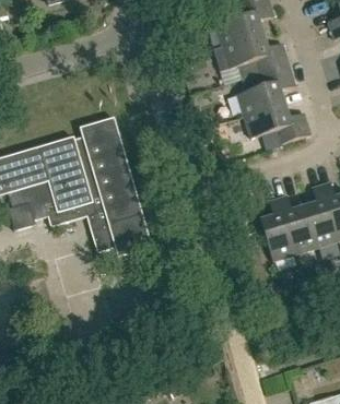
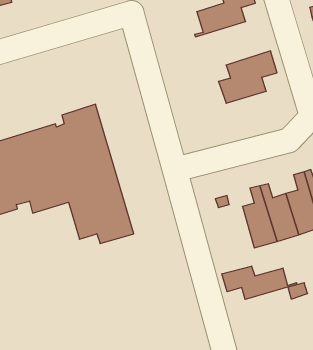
building: [213,34,289,78] -> none
building: [244,104,310,142] -> none
building: none -> [222,266,297,299]

